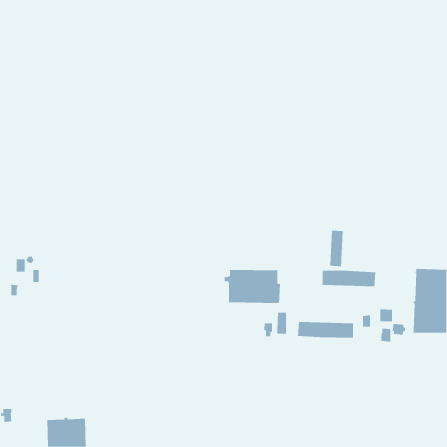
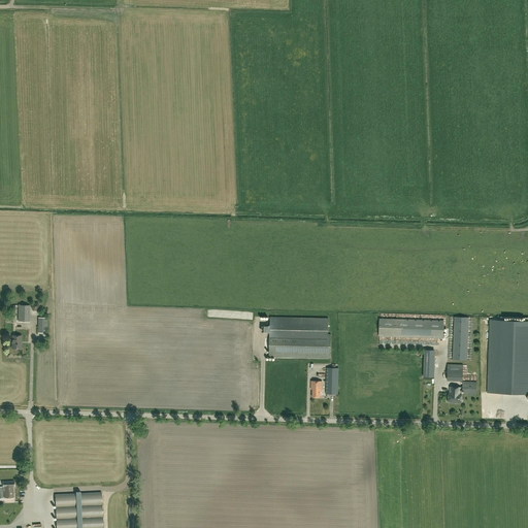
building: [330,230,344,267] -> [453,317,469,360]
building: [297,321,354,338] -> none

